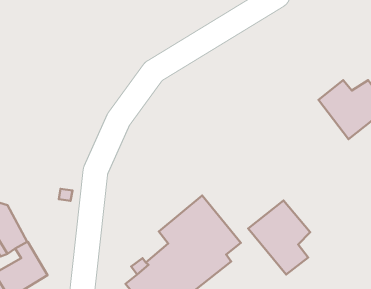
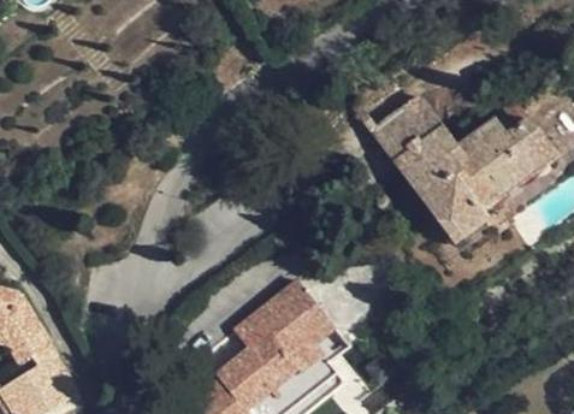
building: none -> [371,94,501,246]
building: [248,200,310,275] -> none

